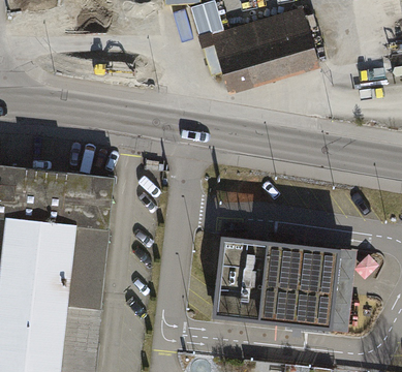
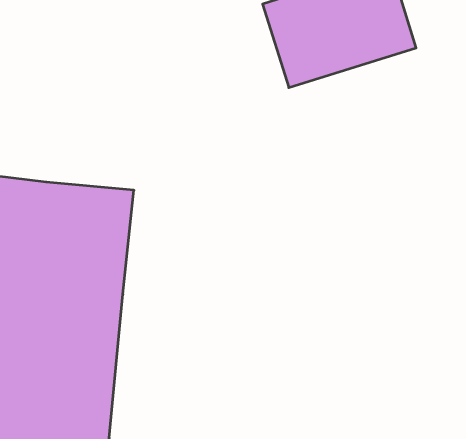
building: [210,242,339,332] -> none

